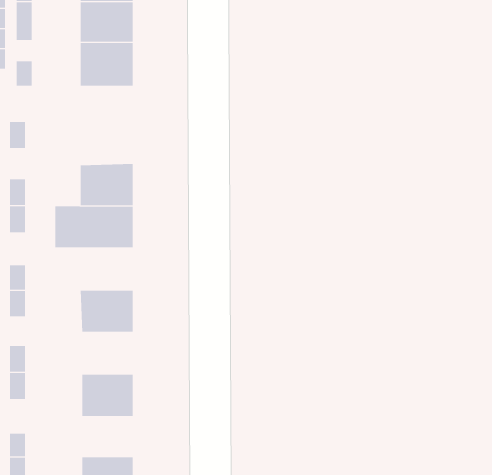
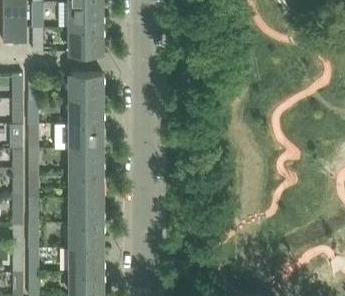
building: none -> [70,74,102,100]
building: none -> [70,149,102,174]
building: none -> [71,199,102,224]
building: none -> [71,249,102,273]

